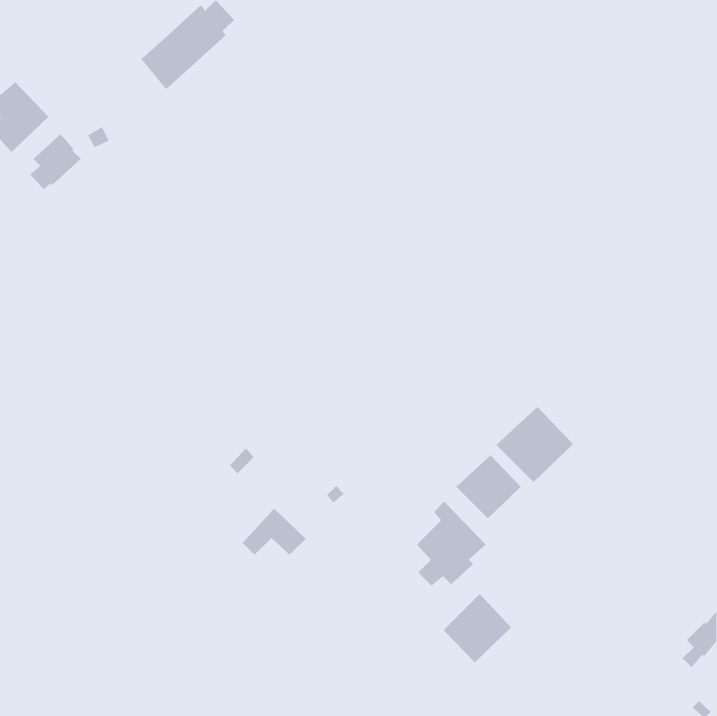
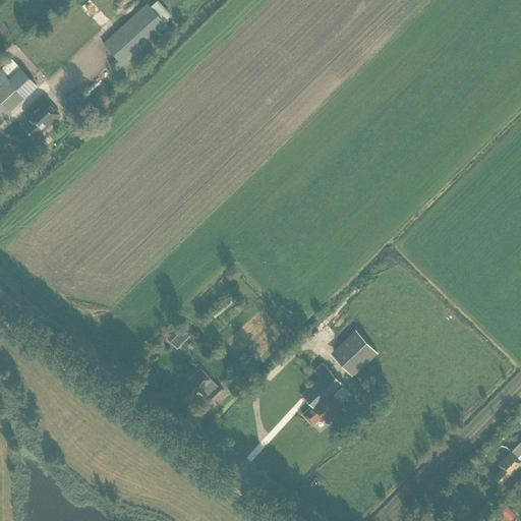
building: [495,406,574,483] -> none
building: [443,593,512,663] -> none

